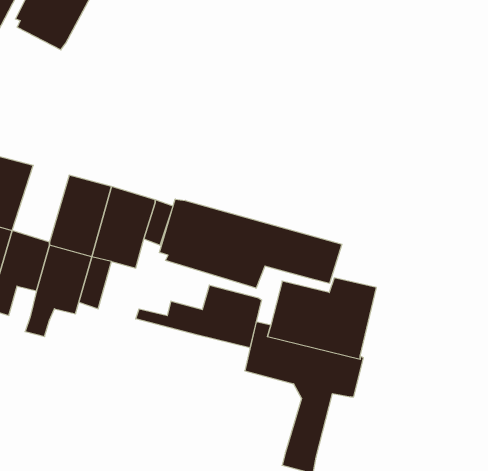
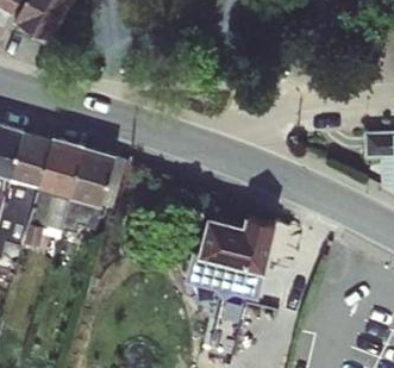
building: none -> [11,131,52,187]
building: [159,199,342,288] -> none
building: [136,285,261,348] -> none

